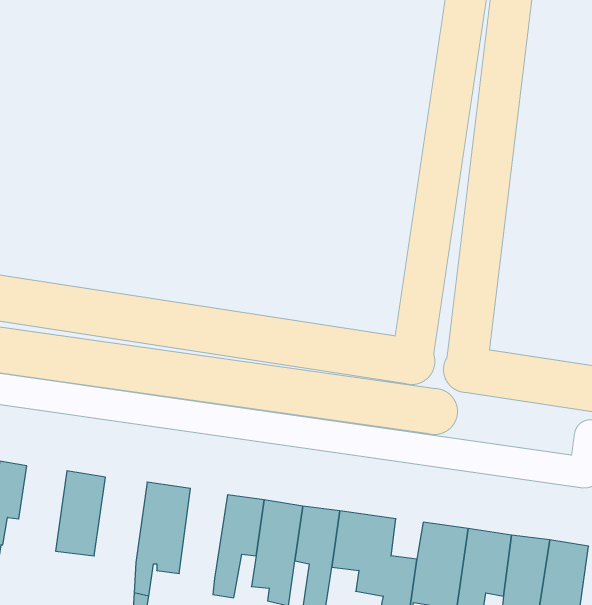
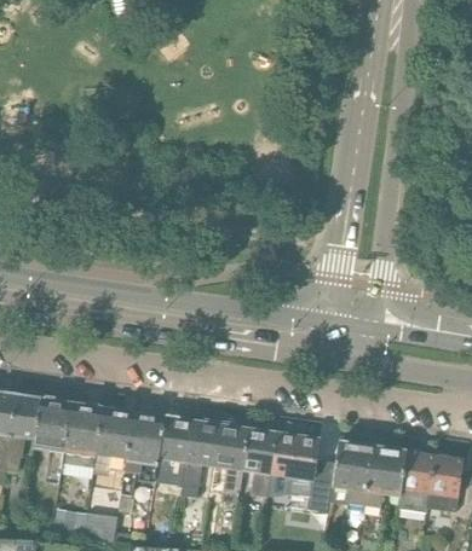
building: none -> [33,399,70,482]
building: none -> [91,407,131,471]
building: none -> [155,416,191,483]

